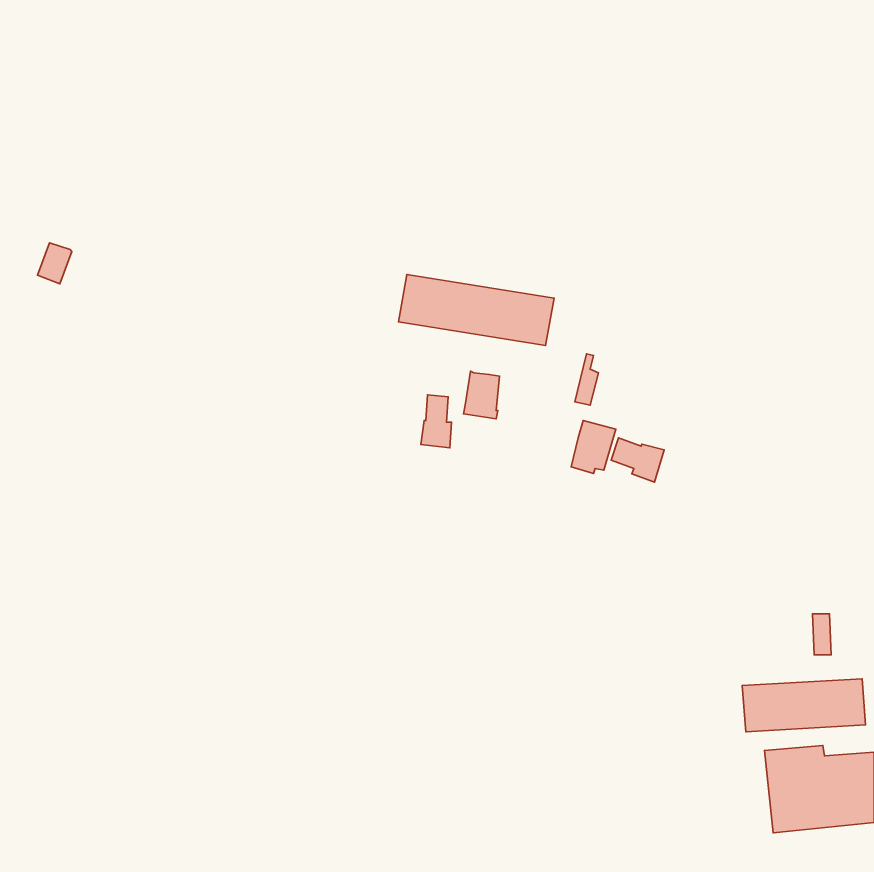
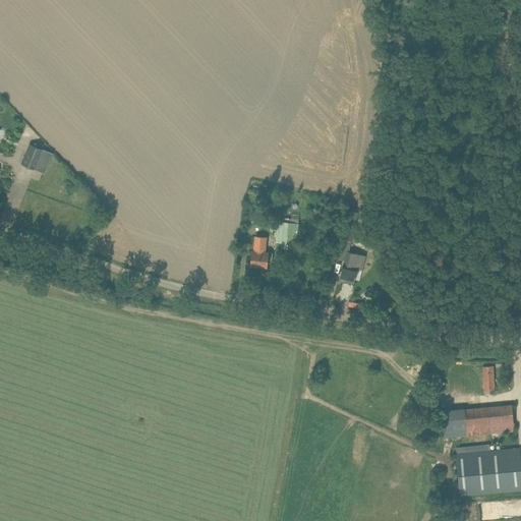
building: [398,275,554,345] -> none
building: [611,438,664,482] -> none

